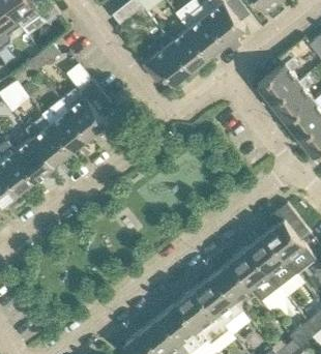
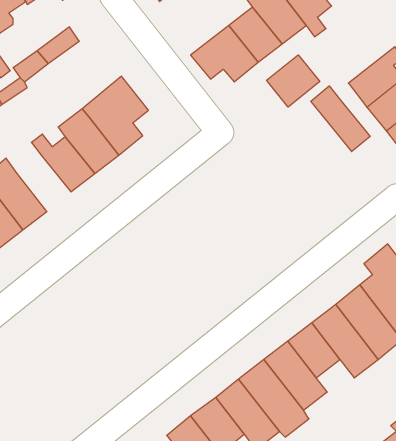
building: none -> [267,55,320,107]
building: none -> [311,86,370,152]
building: [13,139,53,180] -> none

